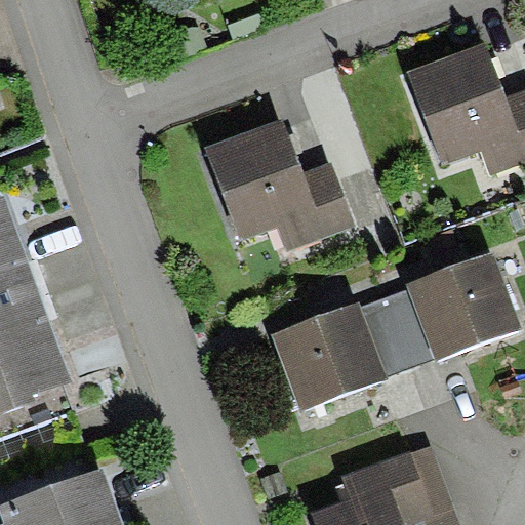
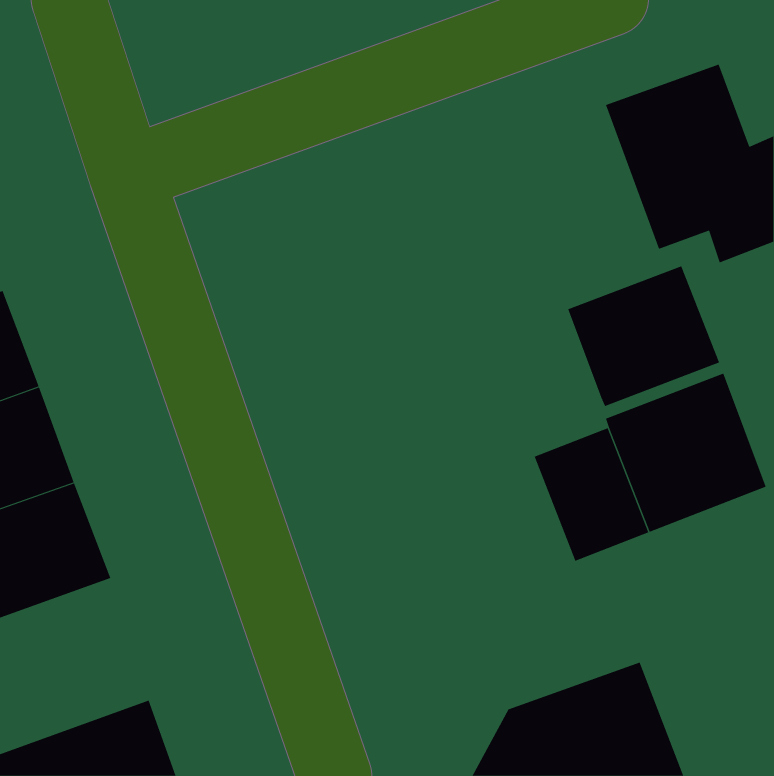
building: [202,117,357,255] -> none
building: none -> [568,266,720,407]
building: [267,301,388,413] -> none

